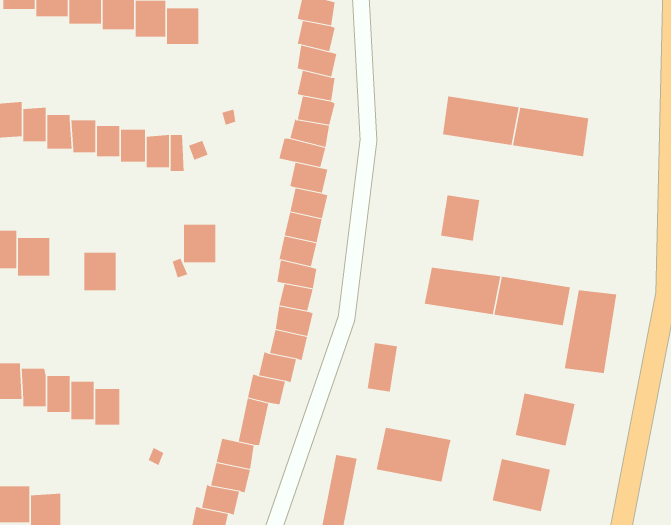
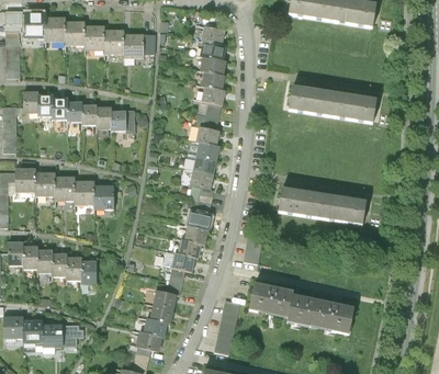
building: [440,194,480,241] -> none
building: [183,224,216,263] -> [94,184,114,207]
building: none -> [55,175,75,199]
building: [564,290,617,374] -> none
building: [515,393,575,446] -> [288,296,324,328]

